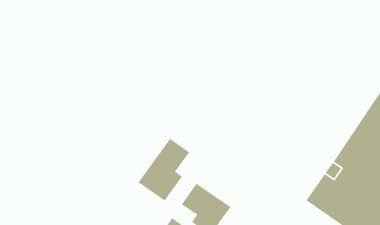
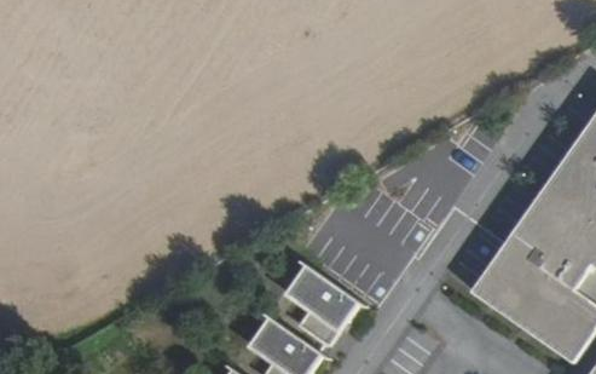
building: [137,138,190,202] -> none

